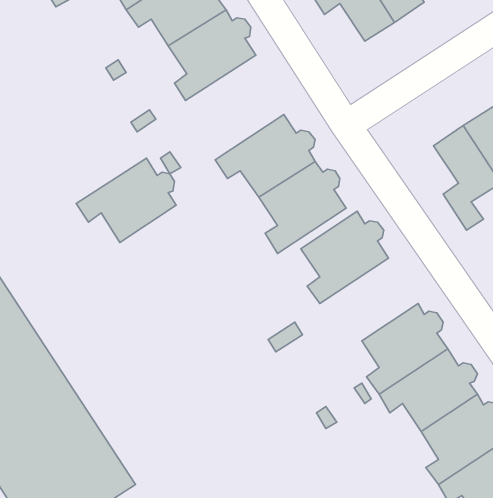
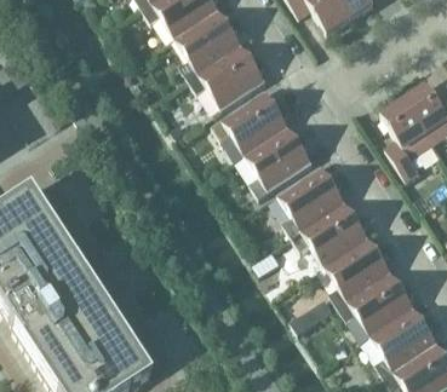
building: [76,158,176,243] -> [188,44,265,109]
building: none -> [292,201,368,265]

